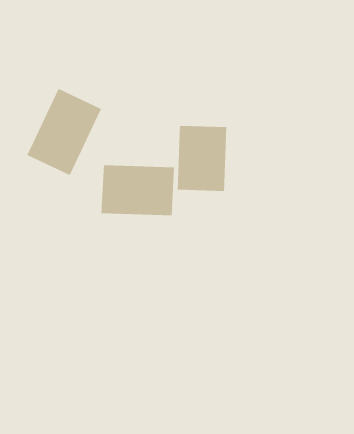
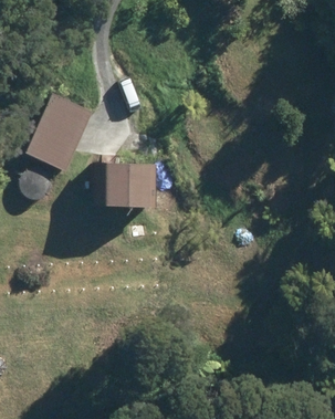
building: [177,125,227,192] -> none

